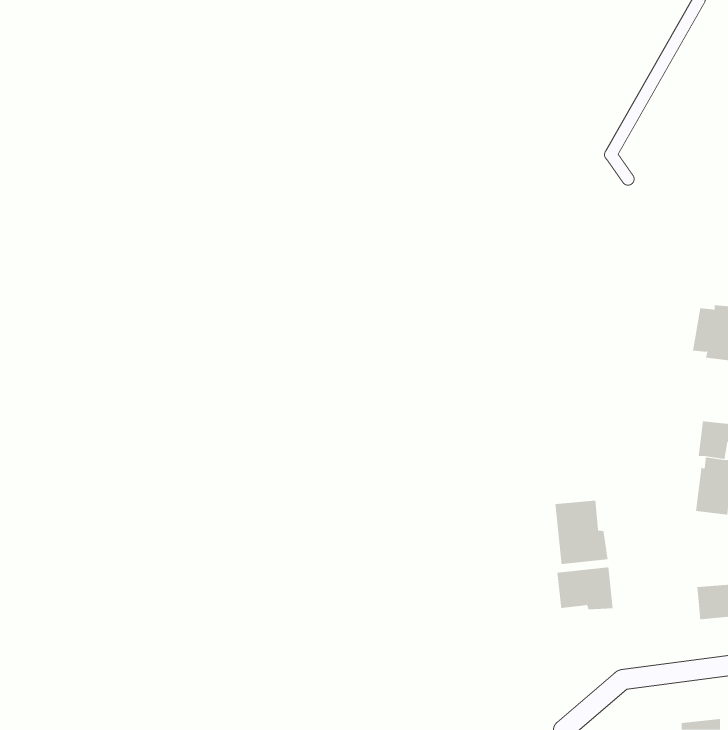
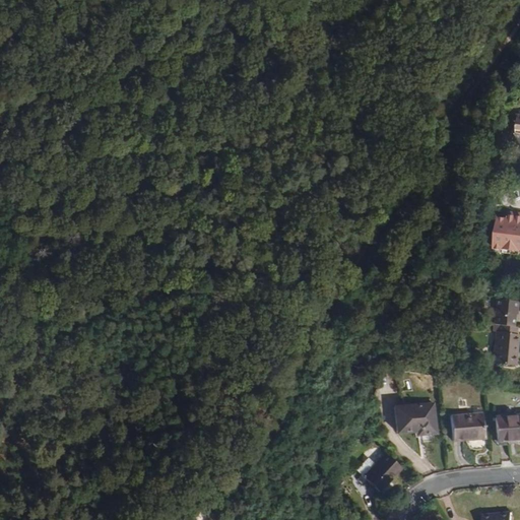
building: [555,500,608,565] -> none
building: none -> [452,412,485,441]
building: none -> [360,454,403,491]

